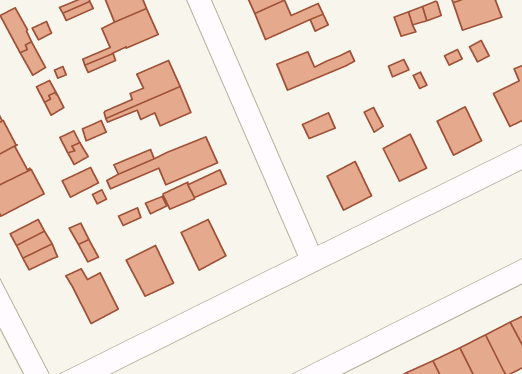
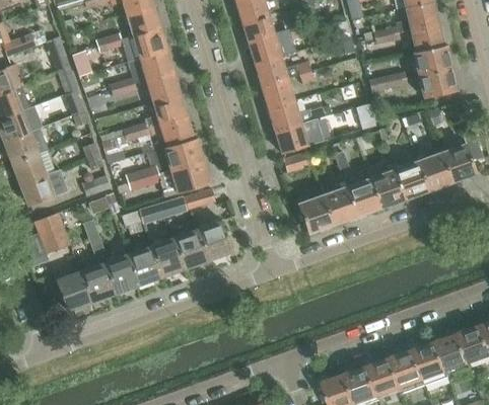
building: none -> [261,79,294,108]
building: none -> [146,73,180,103]
building: none -> [274,116,327,154]
building: none -> [418,153,452,190]
building: none -> [163,139,203,170]
building: none -> [370,170,404,208]
building: none -> [323,187,357,225]
building: none -> [197,220,232,260]
building: none -> [151,237,185,277]
building: none -> [103,254,138,294]
building: none -> [55,270,91,311]

